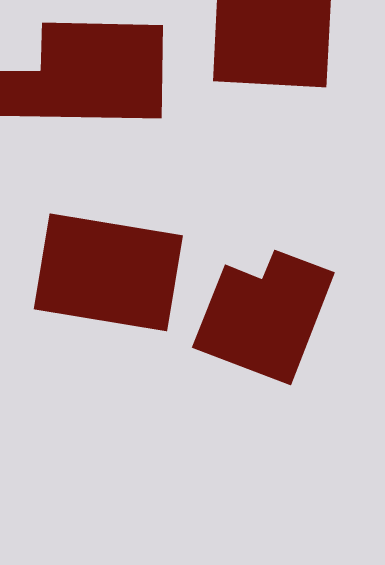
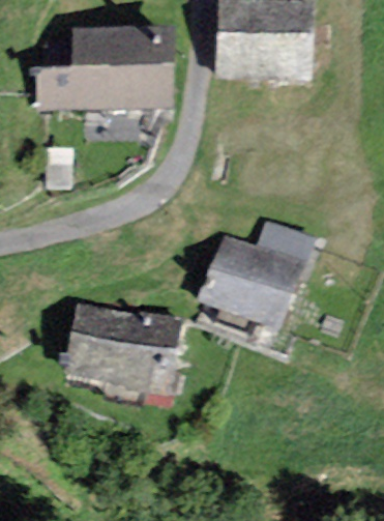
building: [33,213,184,332] -> [60,299,186,399]

